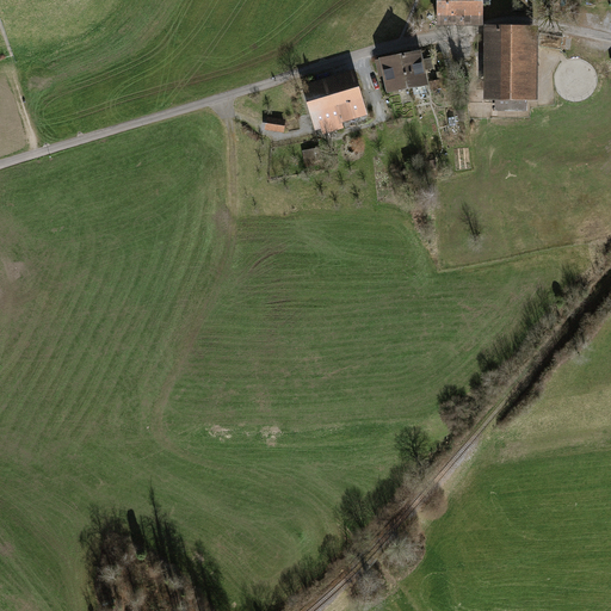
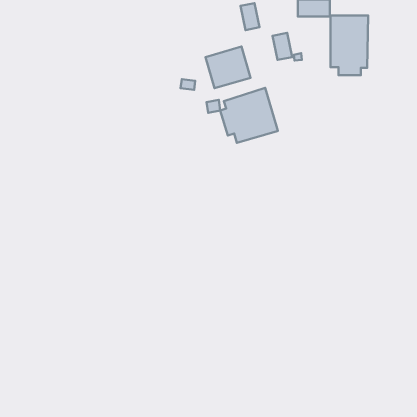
building: [378,53,406,92] -> [241,3,259,30]
building: none -> [220,88,278,143]

